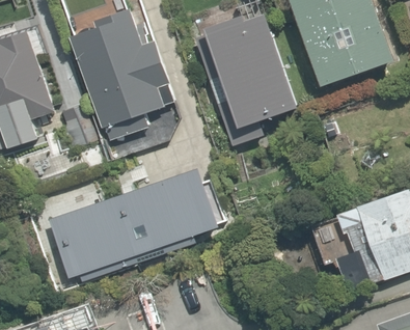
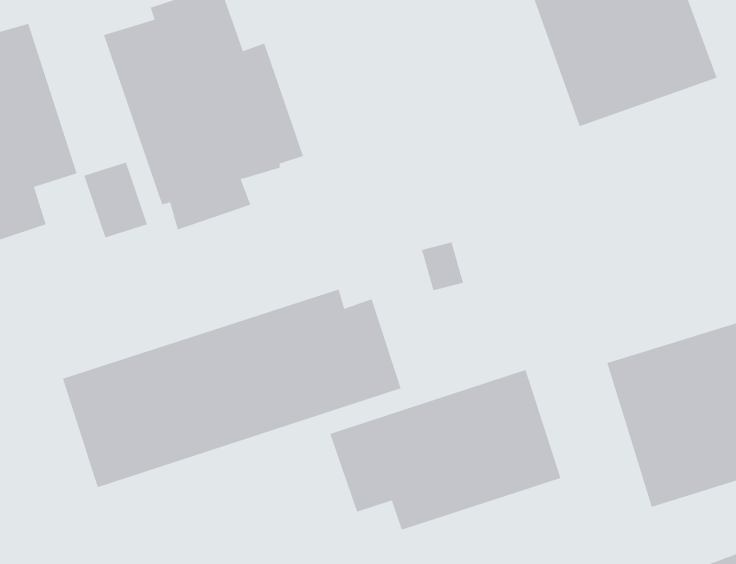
building: [207,38,298,147] -> none
building: none -> [329,369,561,531]

